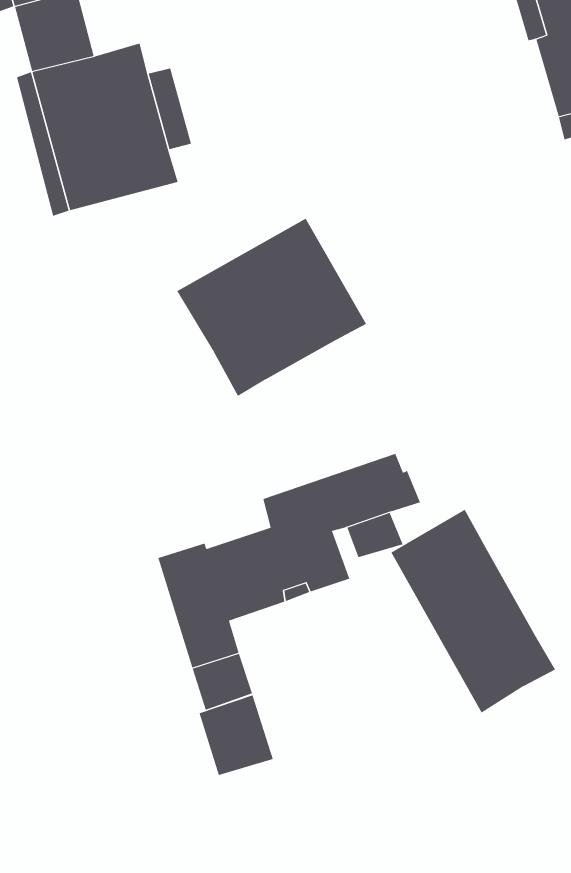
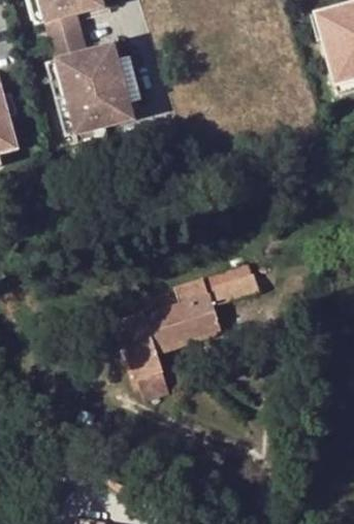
building: [177,218,367,397] -> none
building: [391,509,556,713] -> none
building: [199,694,274,776] -> none

